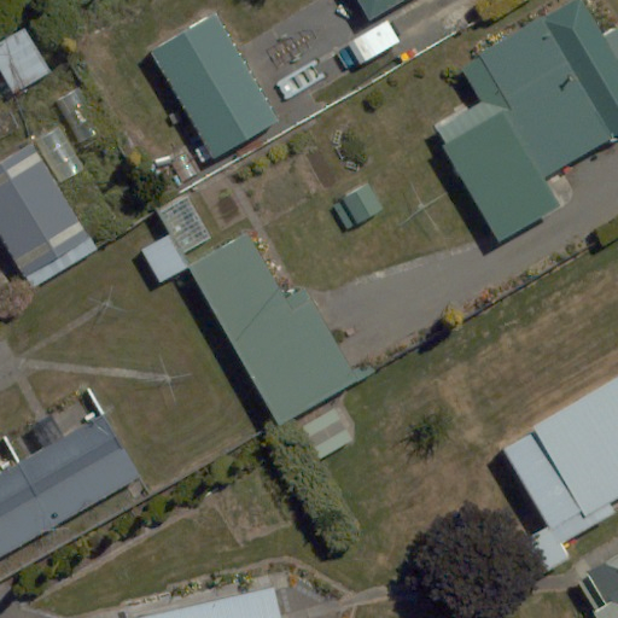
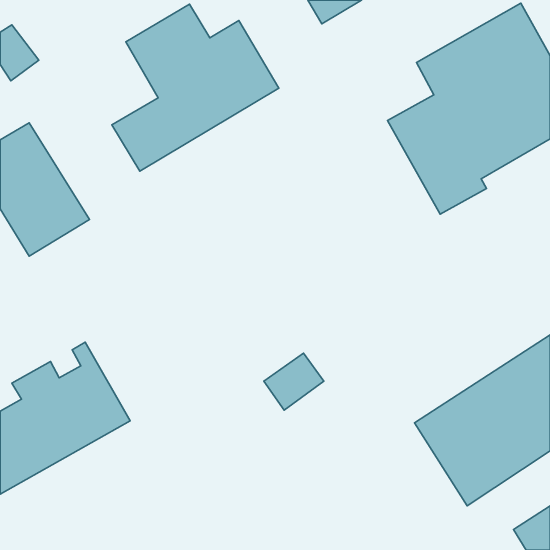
building: [191,234,344,425] -> none

